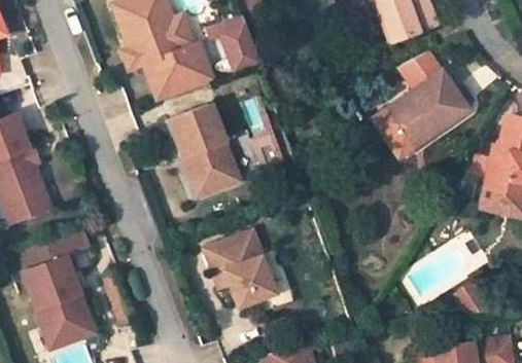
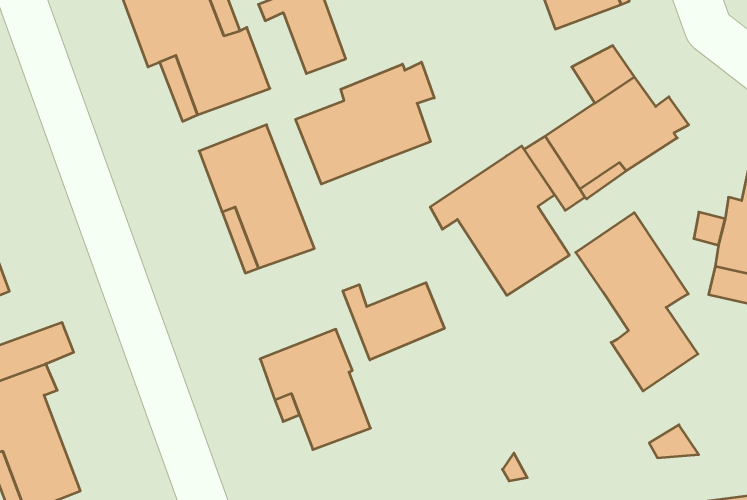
building: none -> [296,62,434,184]
building: none -> [430,146,569,295]
building: none -> [576,213,698,391]
building: none -> [343,283,444,360]

